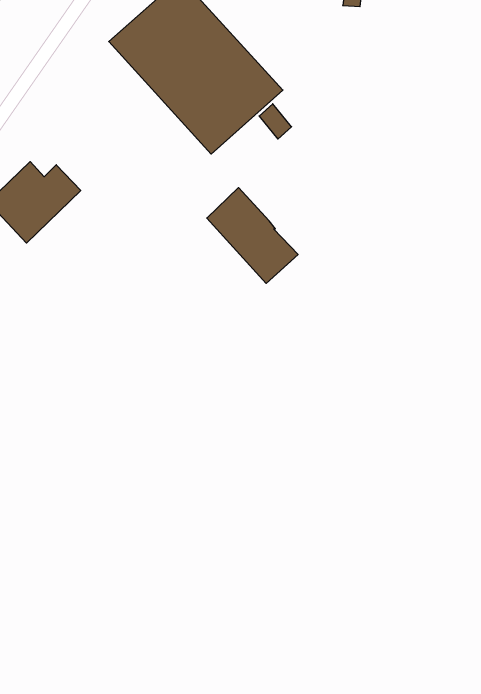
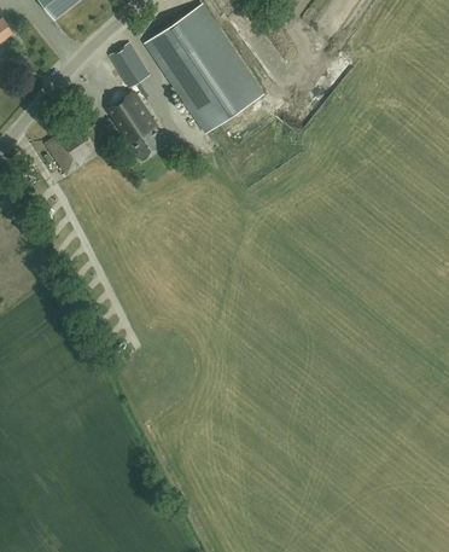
building: none -> [109,43,148,87]
building: [207,188,298,283] -> [106,91,167,161]

